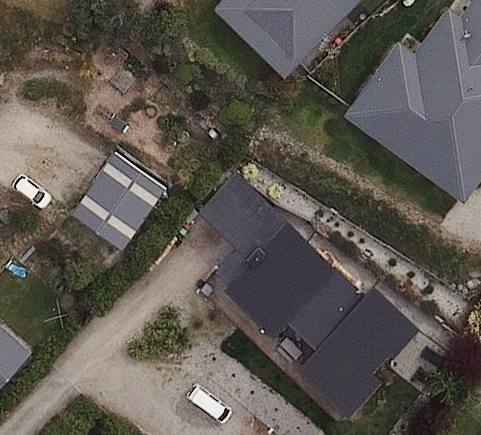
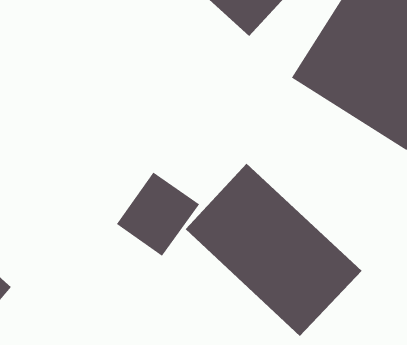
building: [73,153,166,247] -> [116,172,200,257]

